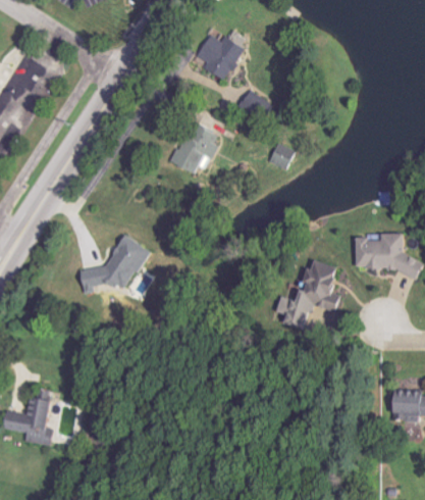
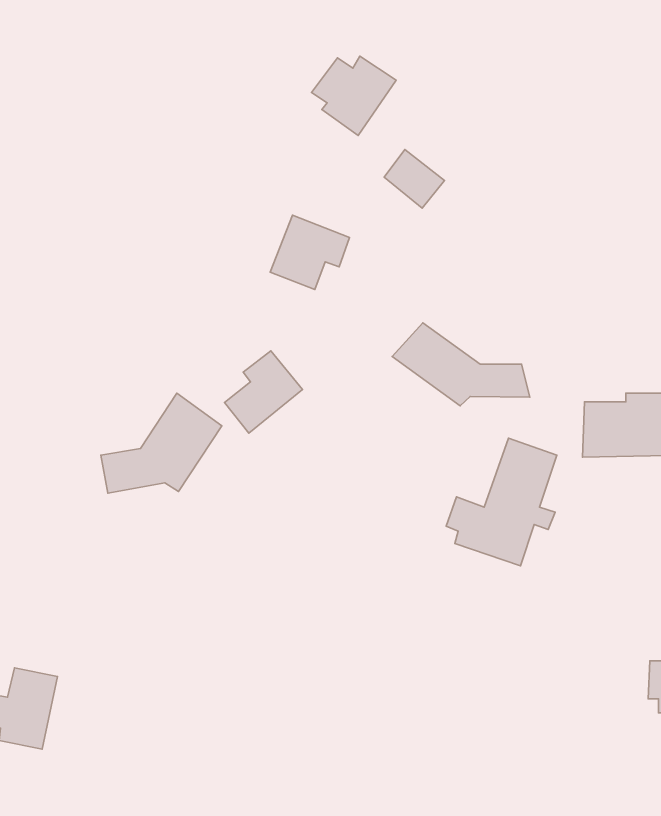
building: [269,143,295,169] -> none
building: none -> [392,323,530,406]
building: none -> [224,351,302,433]

